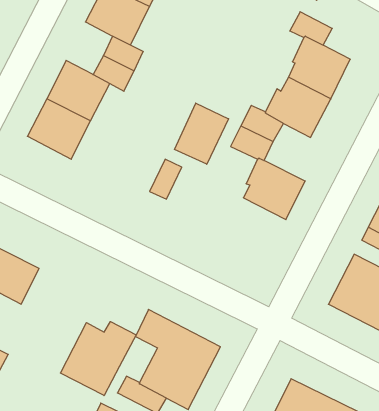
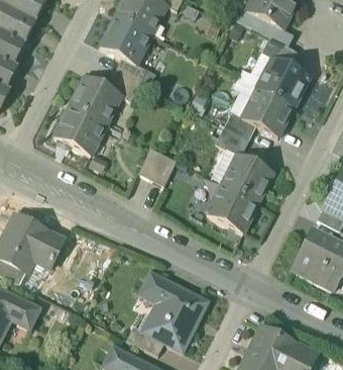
building: [175,103,229,164] -> none
building: none -> [206,184,257,232]
building: [60,322,136,396] -> none

